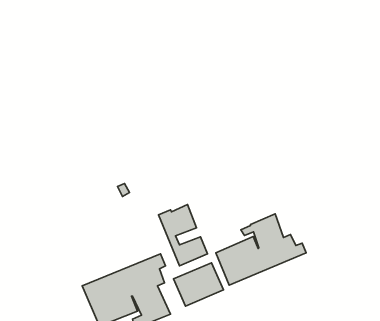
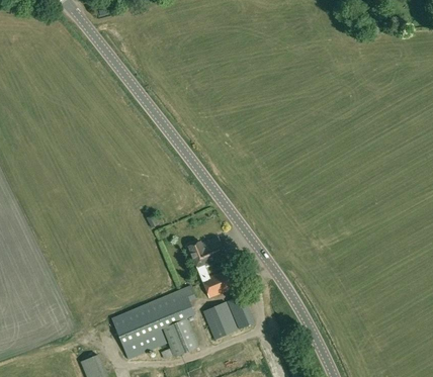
building: [216,214,306,285] -> none

